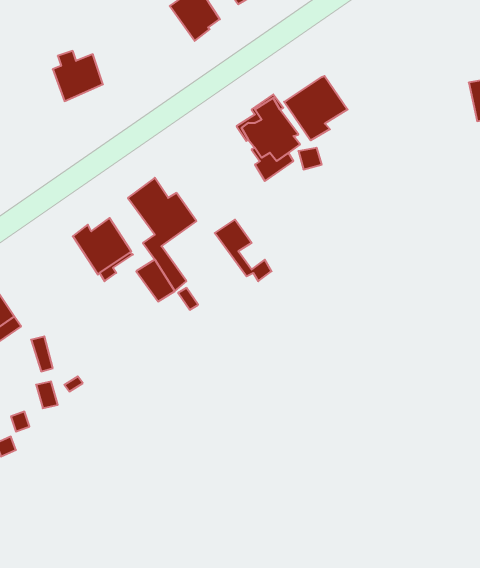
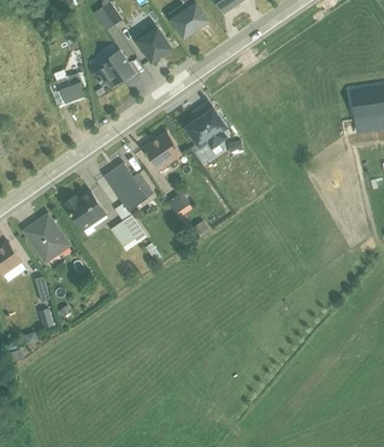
building: none -> [94,48,132,84]
building: [284,76,348,140] -> none
building: none -> [142,130,182,170]
building: none -> [24,213,70,261]

